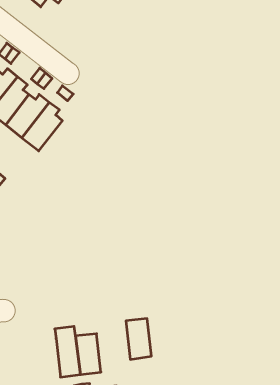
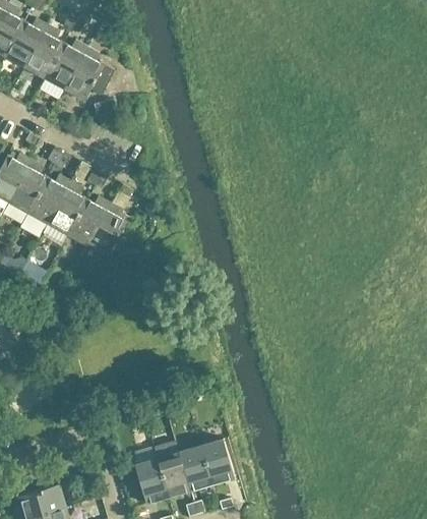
building: [126,319,151,359] -> [200,439,234,485]
building: none -> [134,457,169,504]

